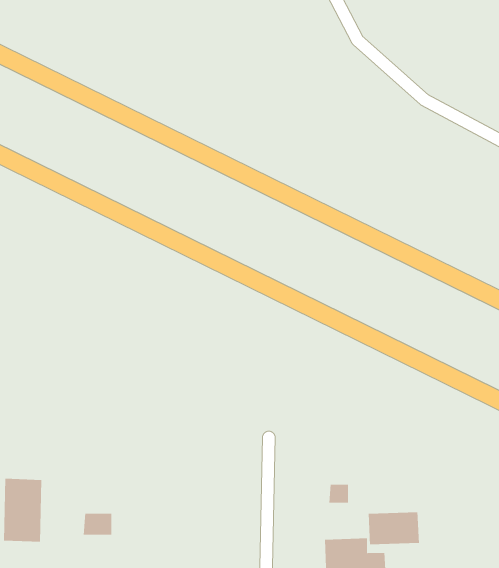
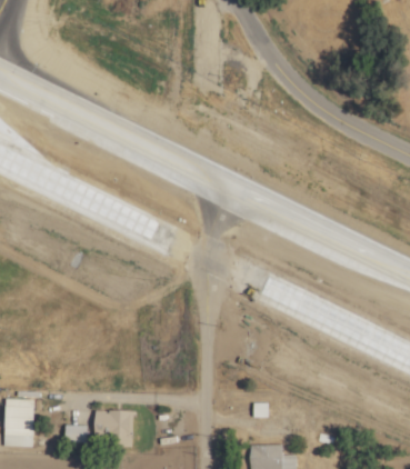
building: none -> [93,409,133,447]
building: [368,511,419,545] -> none

